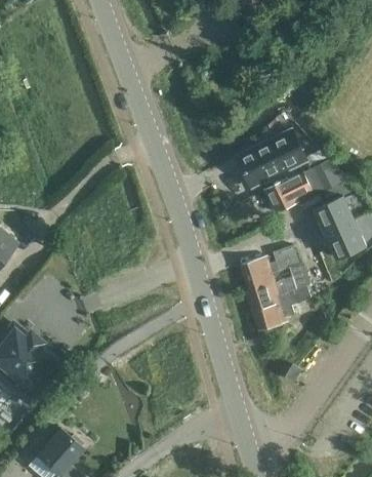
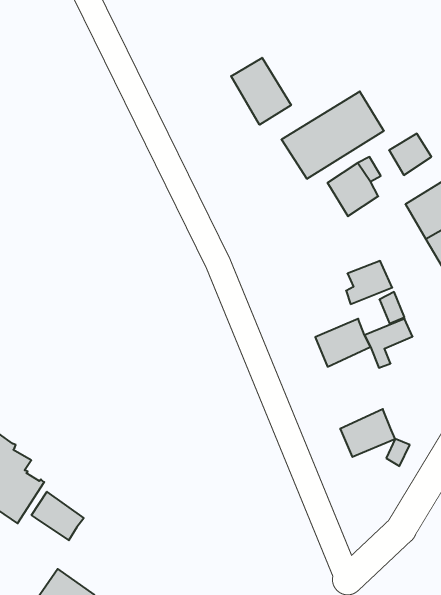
building: none -> [231,58,291,125]
building: [240,255,276,290] -> none
building: [252,302,288,331] -> [340,409,395,457]
building: none -> [32,492,84,540]

